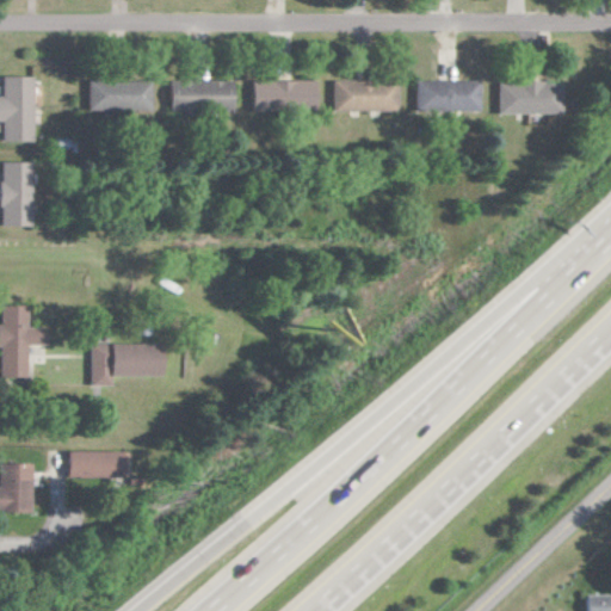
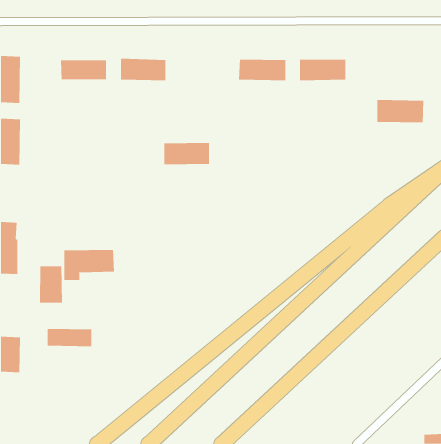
building: [252,80,315,111] -> [164,142,210,165]
building: [498,82,563,115] -> [376,99,424,123]
building: none -> [40,266,62,303]

